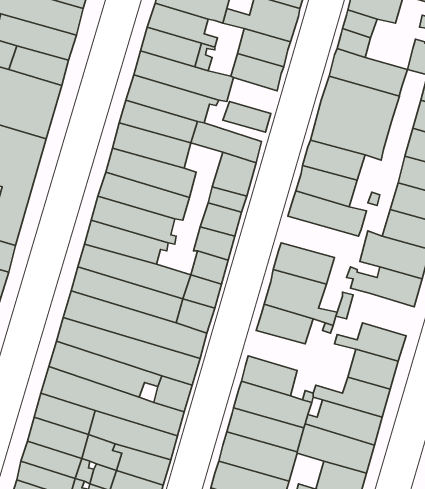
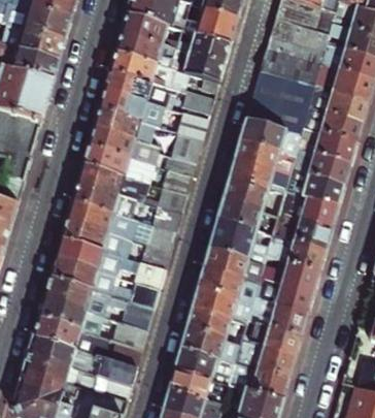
building: none -> [224,179,283,215]
building: none -> [286,238,327,271]
building: none -> [198,267,258,302]

